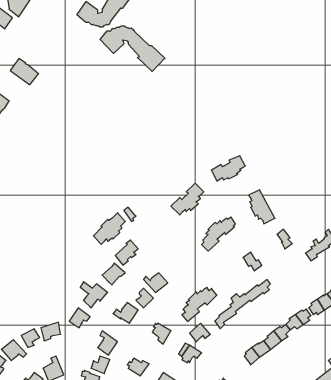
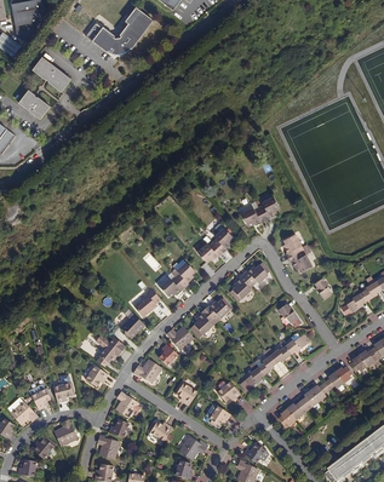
building: [100,26,165,72] -> none
building: none -> [33,56,71,91]
building: [93,213,125,244] -> [159,262,194,297]
building: [182,287,217,321] -> [193,299,231,337]

